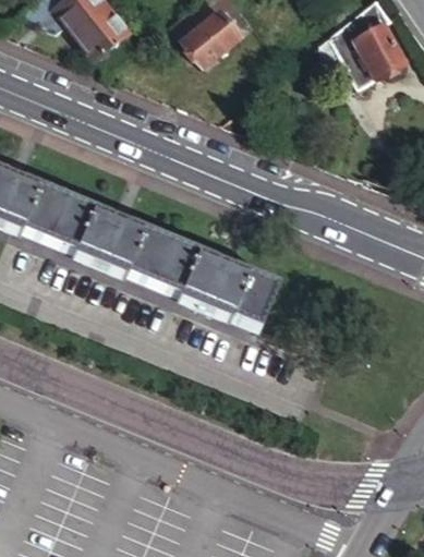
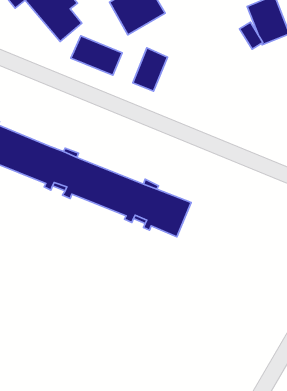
building: none -> [71,36,122,75]
building: none -> [133,48,167,91]

